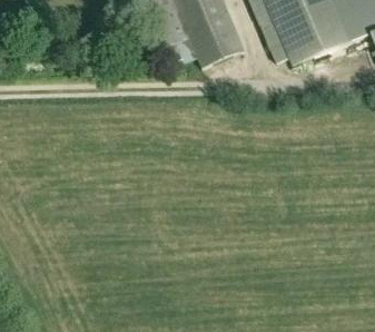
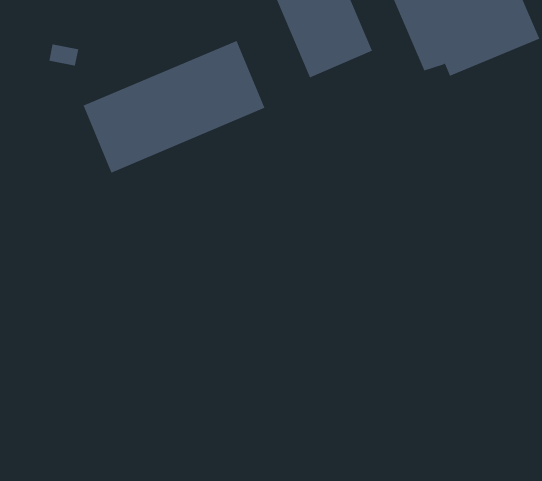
building: none -> [83,40,265,173]

